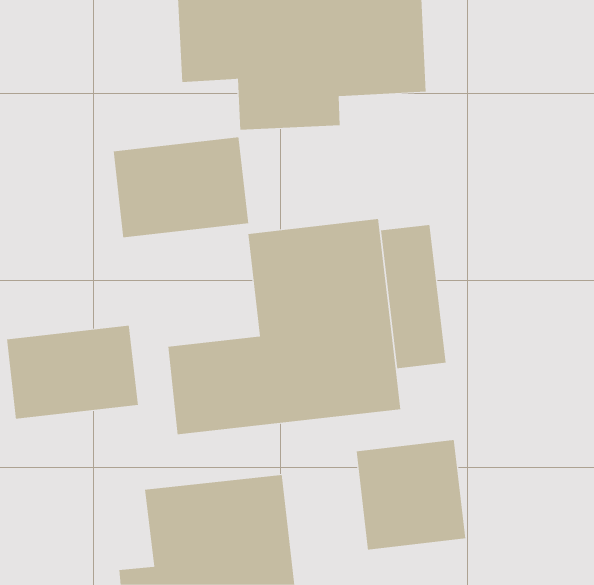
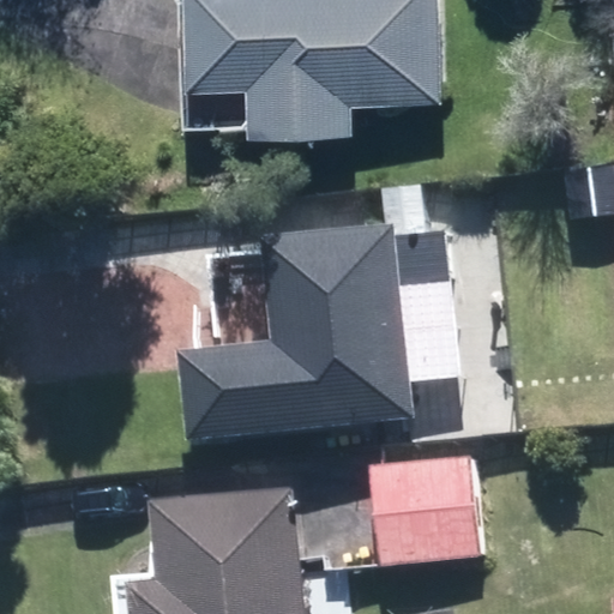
building: [113,136,249,238] -> none
building: [6,325,138,419] -> none

